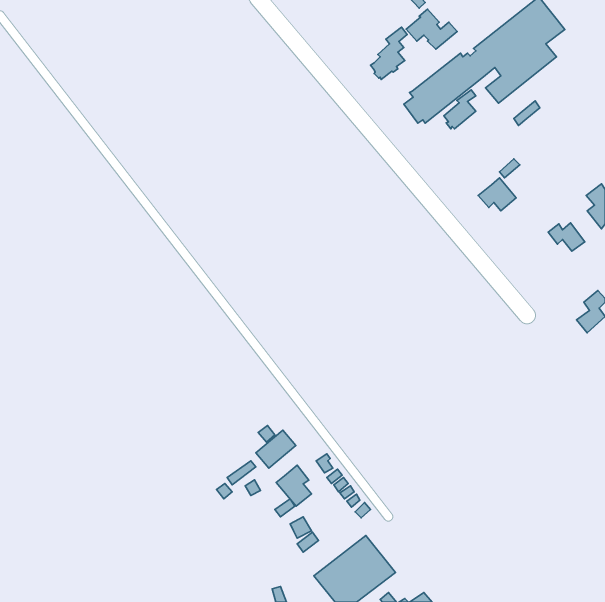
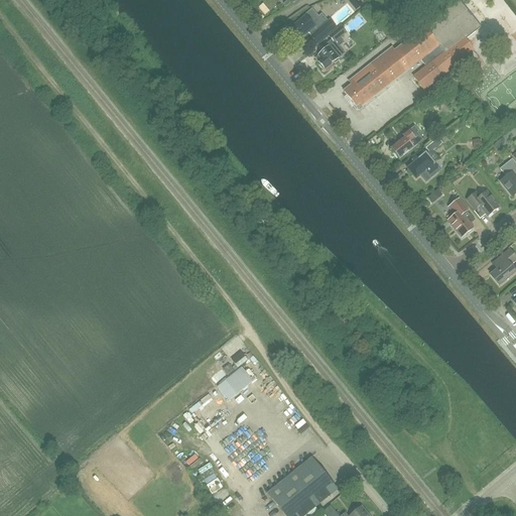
building: [406,9,457,49] -> [293,7,337,41]
building: [444,90,476,129] -> [391,123,418,156]
building: none -> [448,198,473,236]
building: [276,465,311,506] -> none

